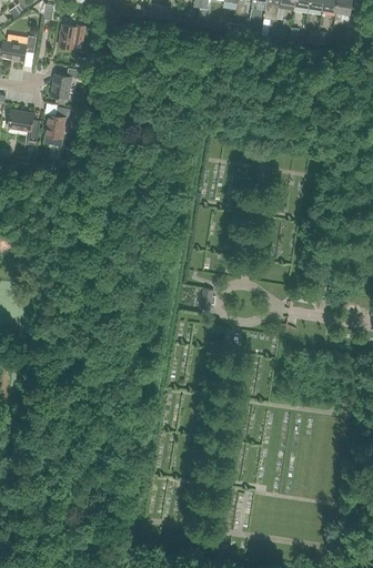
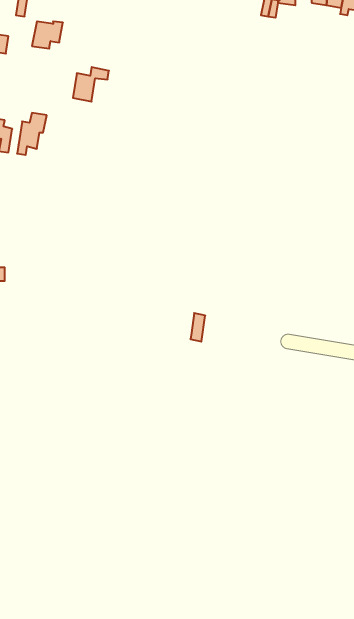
building: [50,68,82,99] -> [73,67,109,102]

